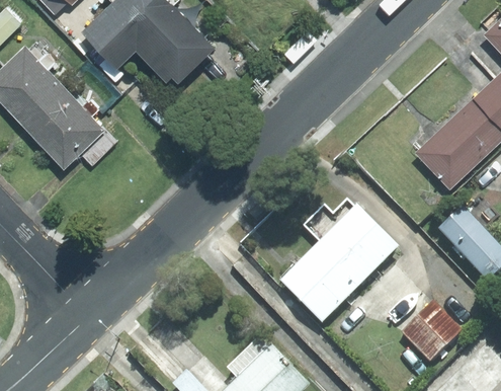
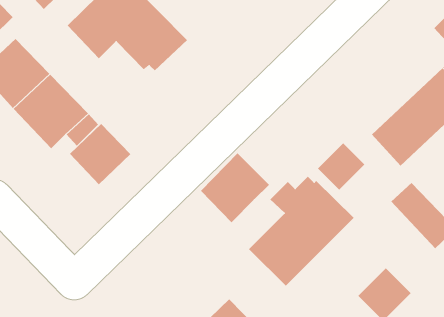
building: none -> [69,123,131,185]
building: none -> [317,142,365,190]
building: none -> [200,152,270,223]

